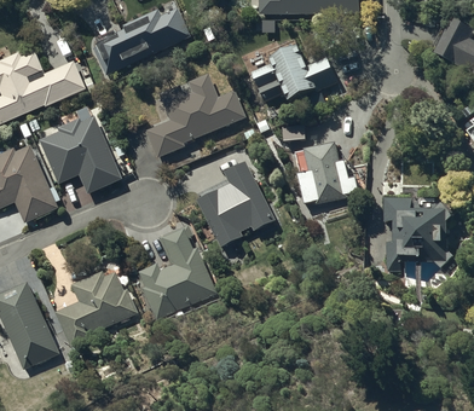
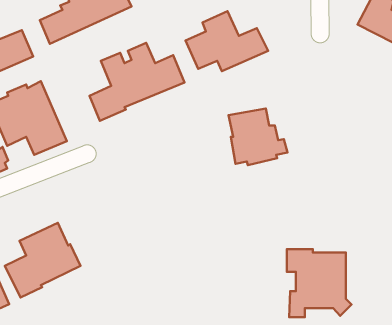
building: [196,164,273,247] -> none
building: [382,197,451,270] -> [287,249,351,317]
building: [137,225,215,318] -> none

